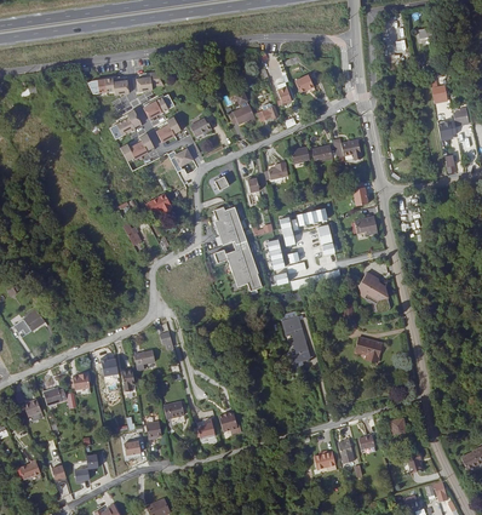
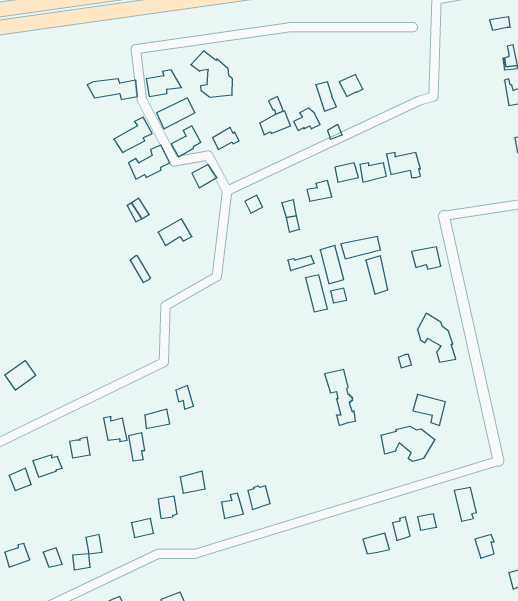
building: none -> [191,51,232,97]
building: [214,205,263,292] -> none
building: none -> [381,426,435,461]

